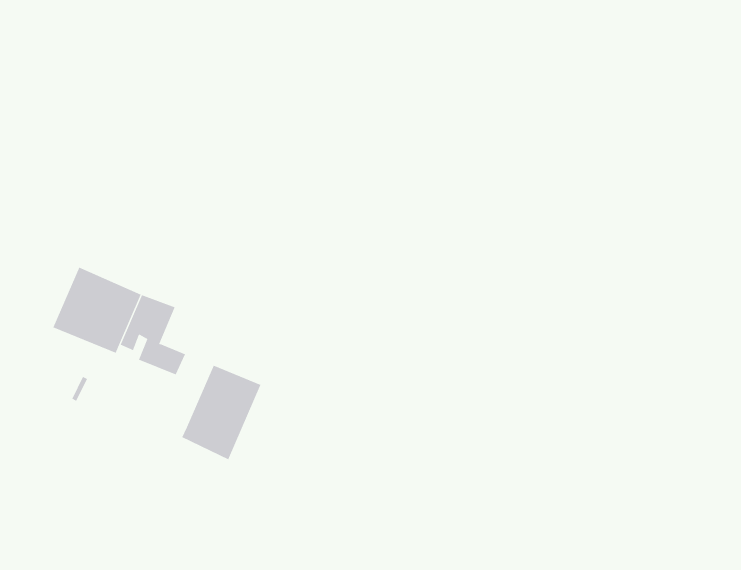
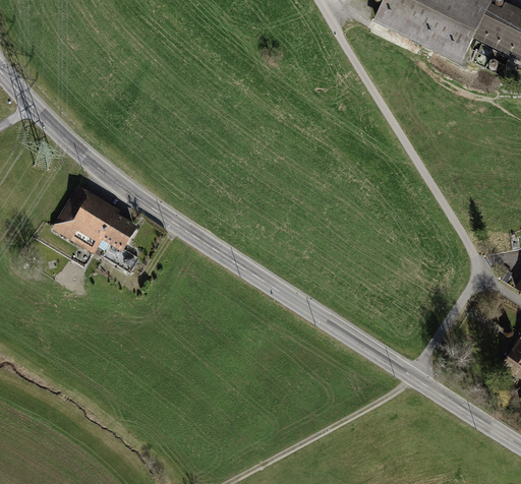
building: [182,365,261,460] -> none

